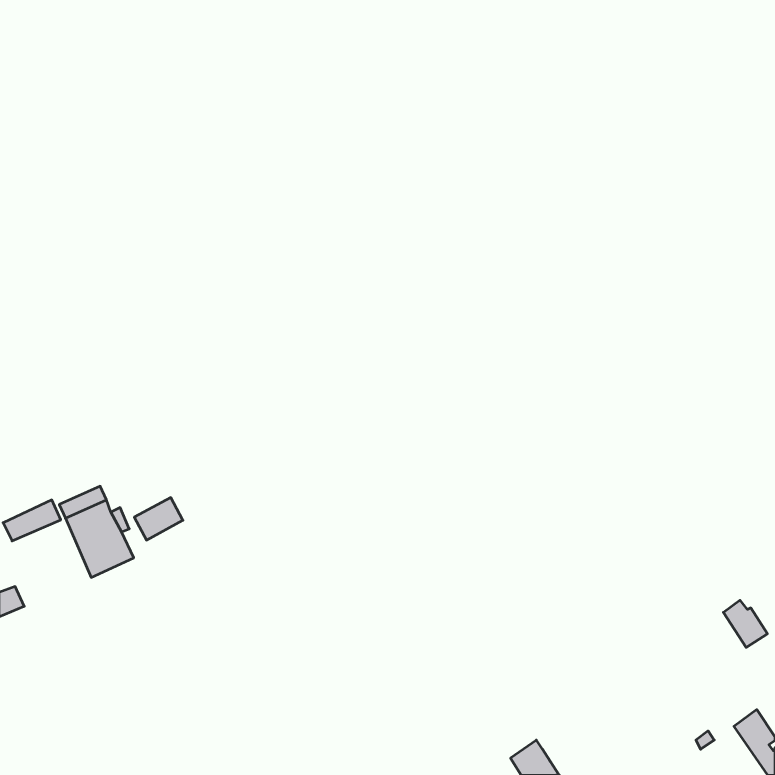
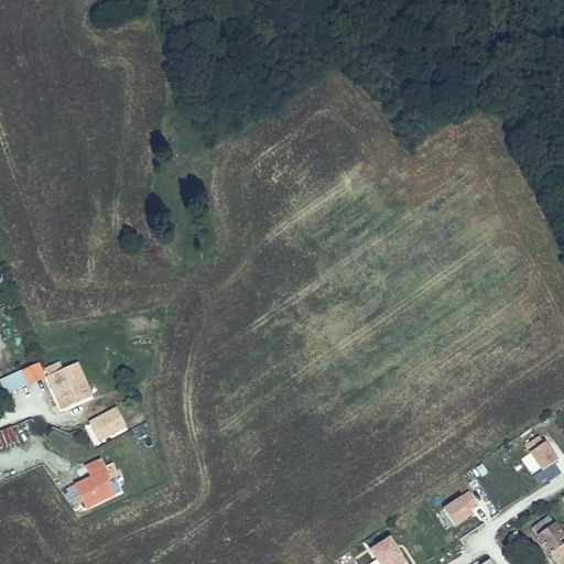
building: [134,498,183,540] -> [89,409,124,440]
building: none -> [75,458,112,507]
building: none -> [443,490,478,524]

